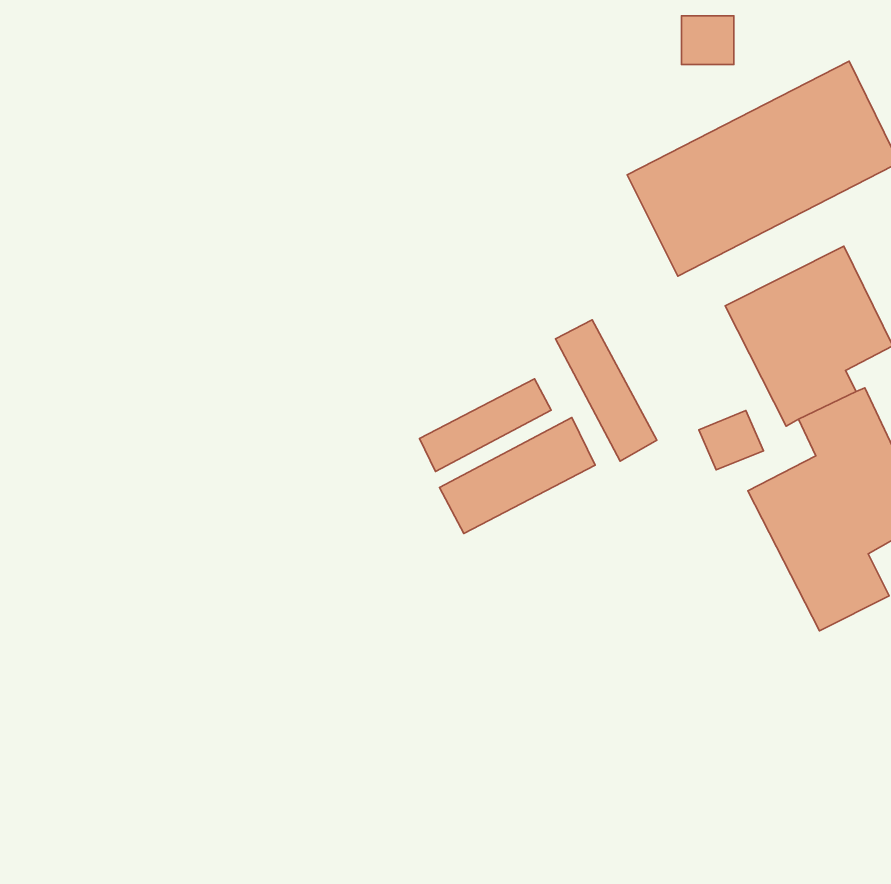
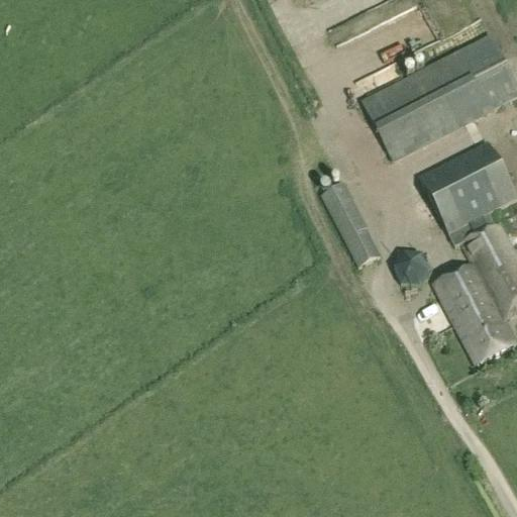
building: [420,379,551,472] -> none
building: [439,417,595,533] -> none

